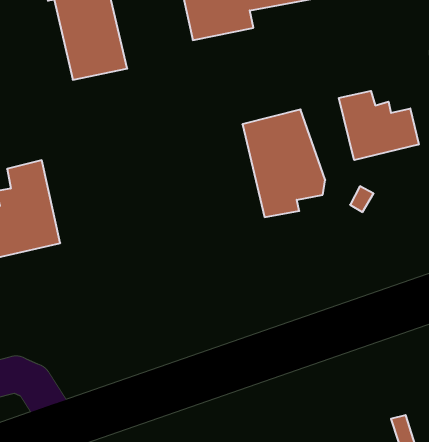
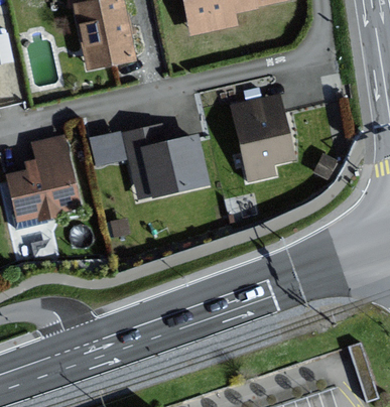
building: [339,91,419,160] -> none
building: none -> [92,124,209,198]

